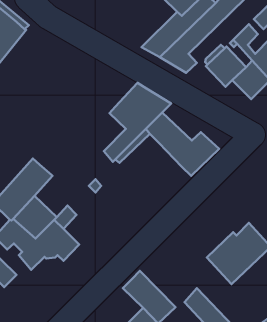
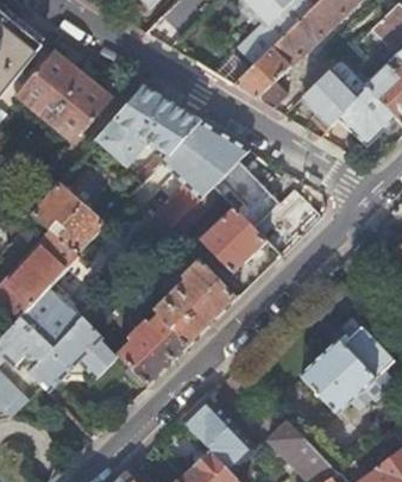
building: none -> [17,52,108,142]
building: none -> [95,87,201,167]
building: none -> [31,183,105,255]
building: none -> [199,208,265,275]
building: none -> [117,261,235,384]

